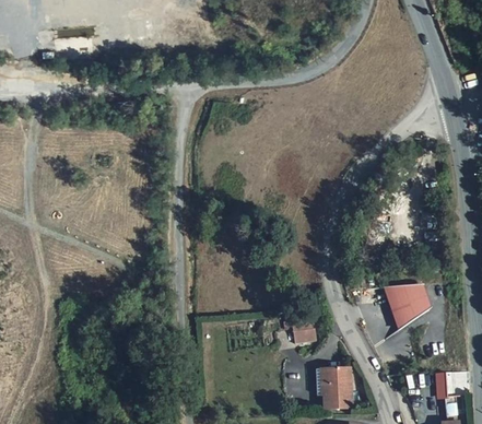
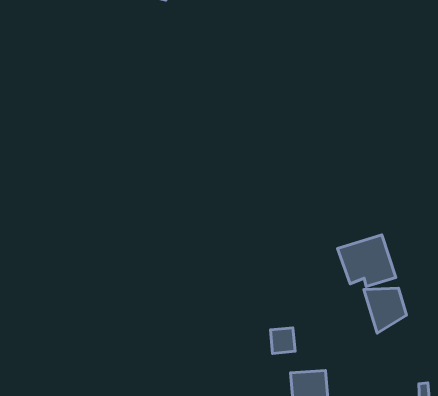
building: none -> [338,235,396,287]

